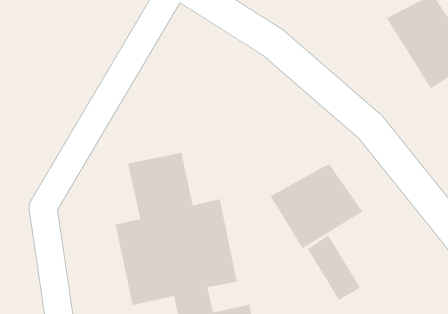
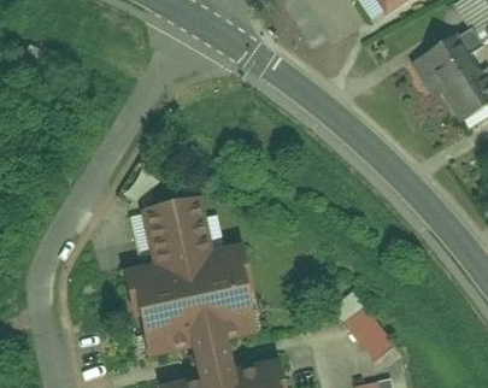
building: [270,163,363,249] -> none

